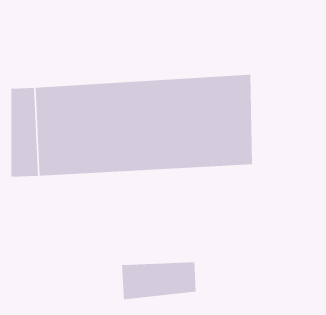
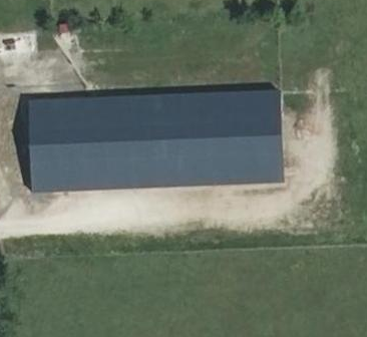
building: [121,262,196,300] -> none

